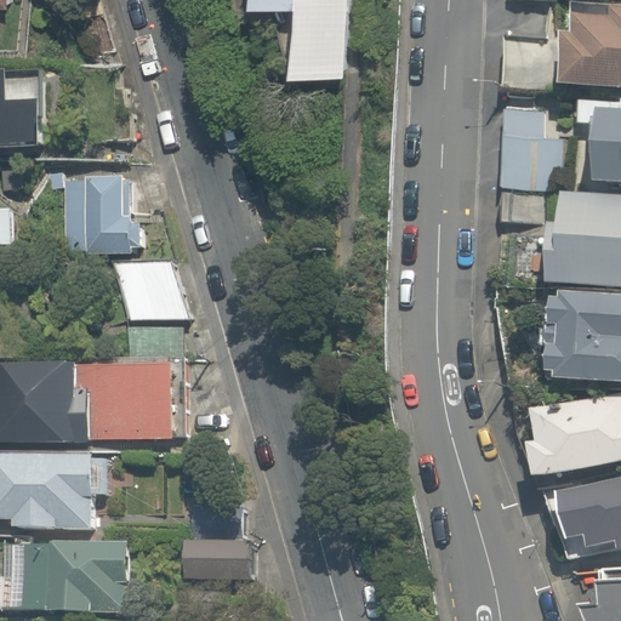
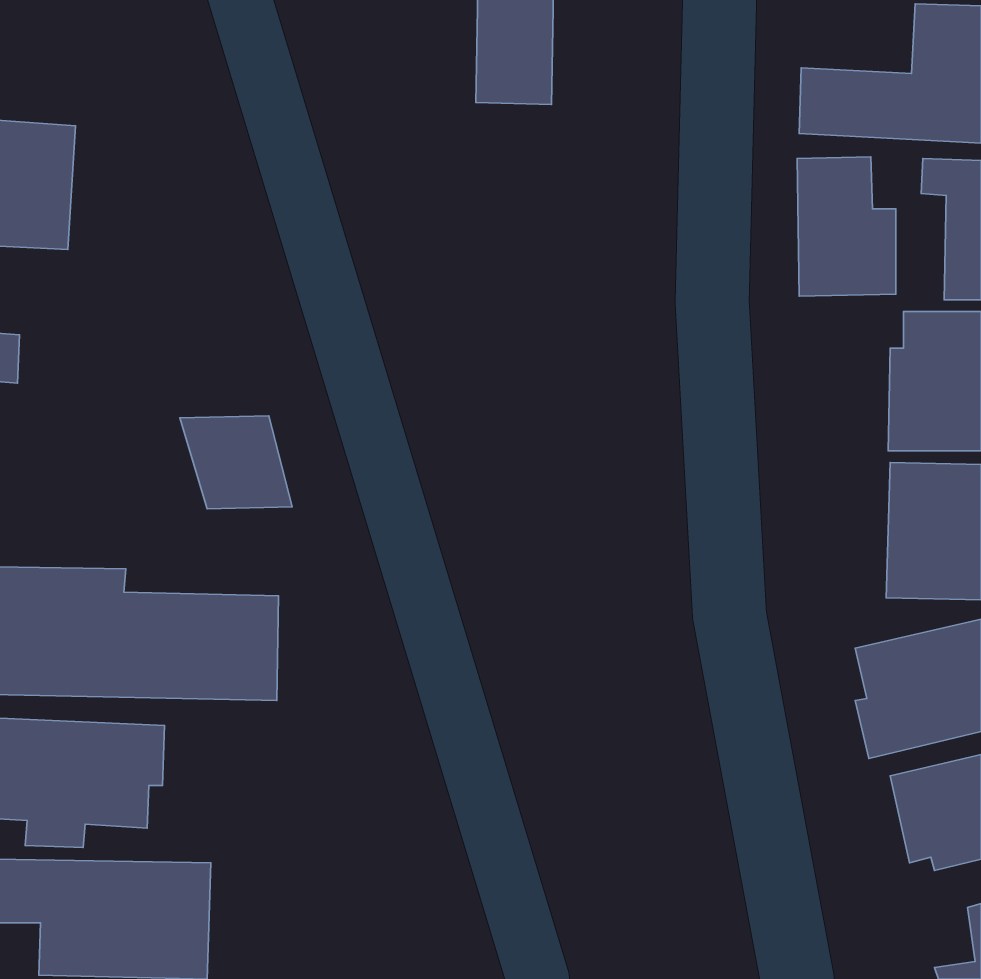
building: [57,180,141,253] -> none
building: [181,540,252,585] -> none

